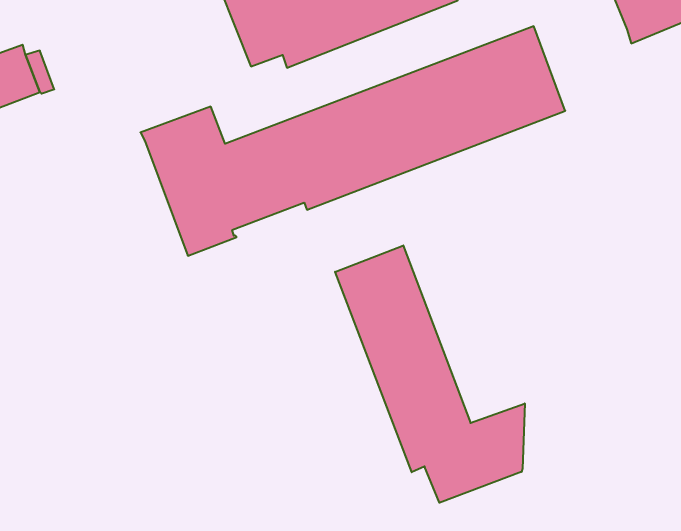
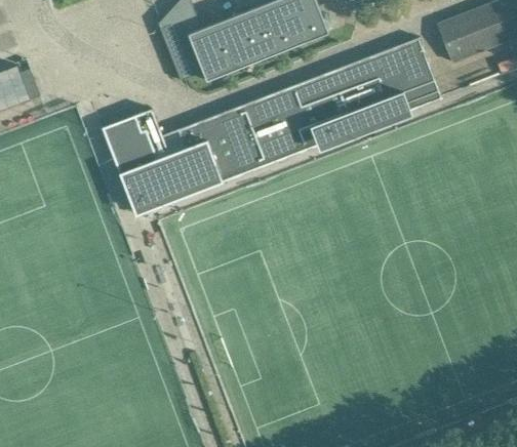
building: none -> [382,38,441,113]
building: [335,245,525,503] -> none

